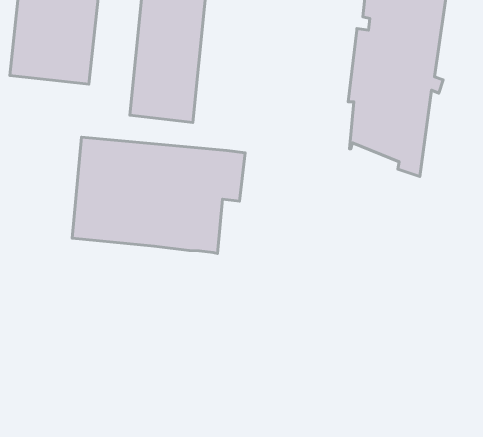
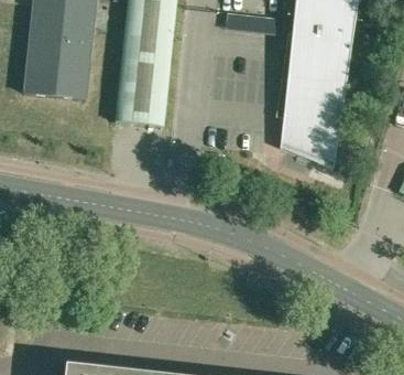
building: [72,137,245,253] -> none

